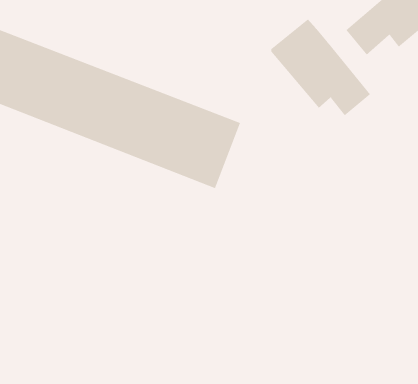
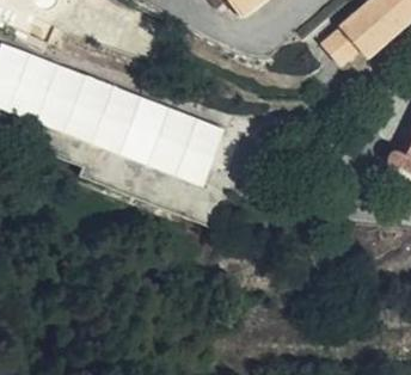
building: [271,19,371,116] -> none

